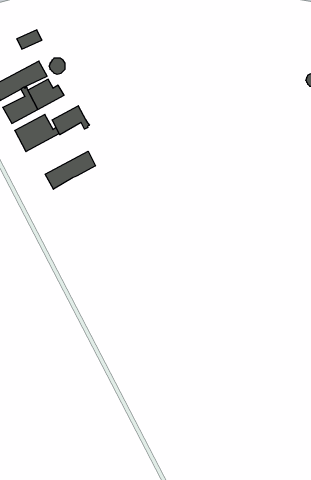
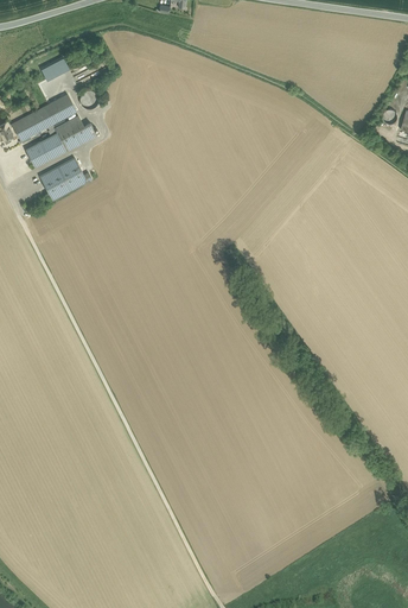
building: [52,106,89,135] -> none
building: [45,151,95,189] -> none

